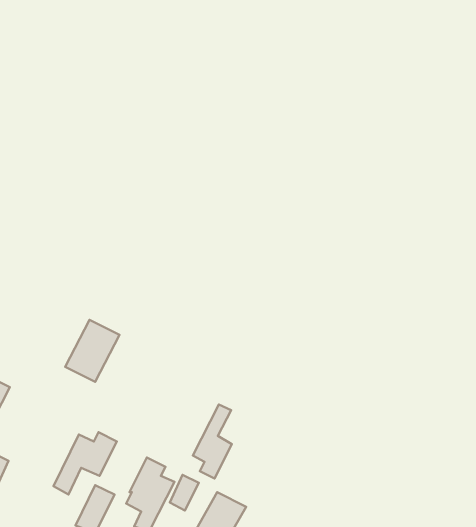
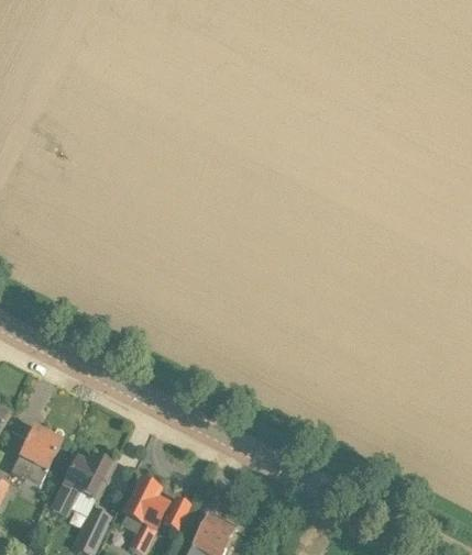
building: [65,320,119,382] -> [11,425,63,485]
building: [193,404,232,478] -> none

